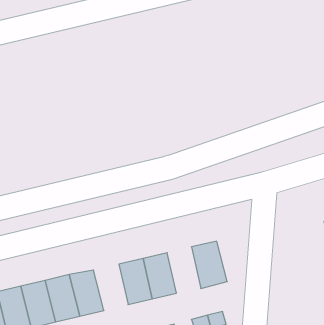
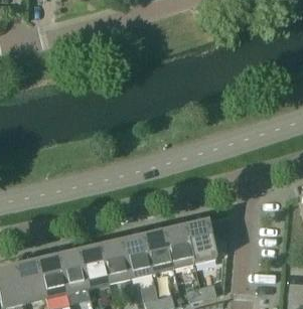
building: none -> [165,225,194,266]
building: none -> [101,241,131,281]

